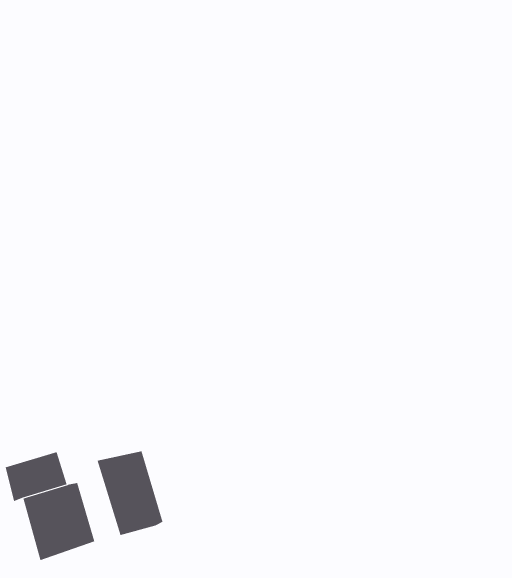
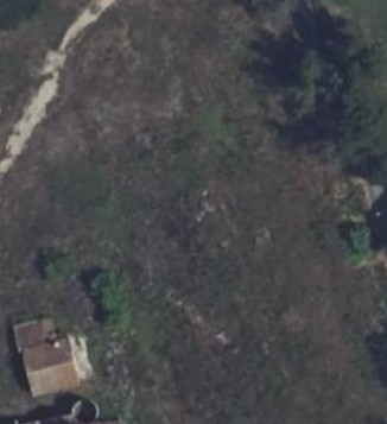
building: [97,450,163,536] -> none

